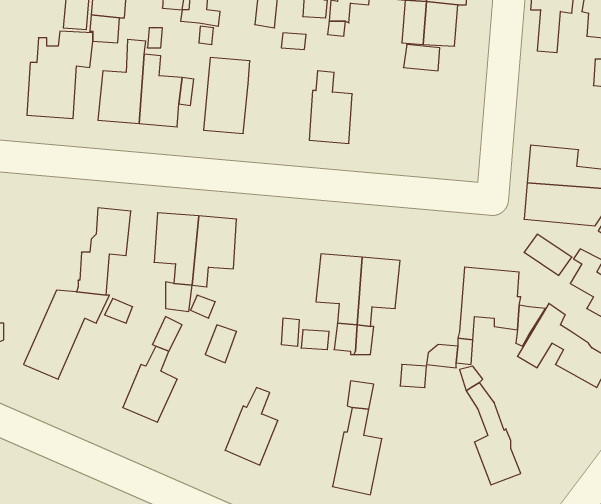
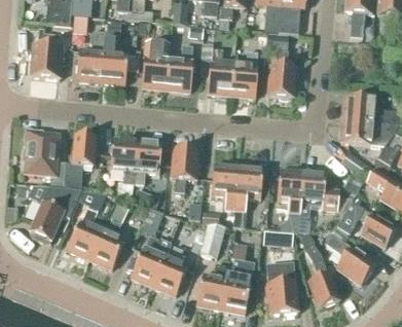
building: none -> [166,46,192,90]
building: none -> [267,50,295,100]
building: none -> [231,52,264,97]
building: none -> [24,131,64,187]
building: none -> [171,147,198,192]
building: none -> [277,170,303,212]
building: none -> [68,210,102,259]
building: none -> [198,225,225,258]
building: none -> [326,228,374,283]
building: none -> [131,237,166,286]
building: none -> [266,262,298,315]
building: none -> [196,263,228,308]

